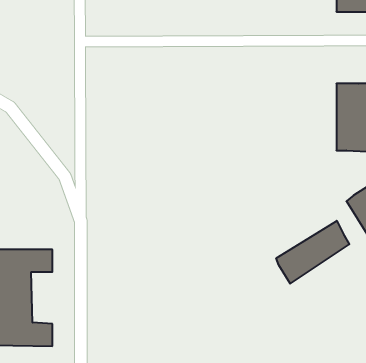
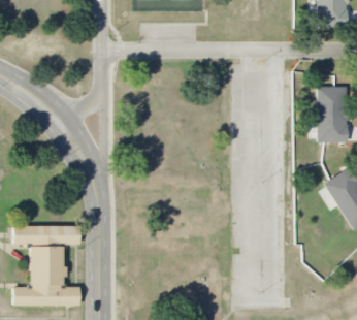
building: [276,221,349,284] -> none

